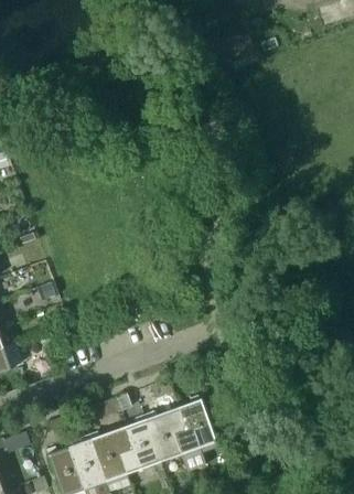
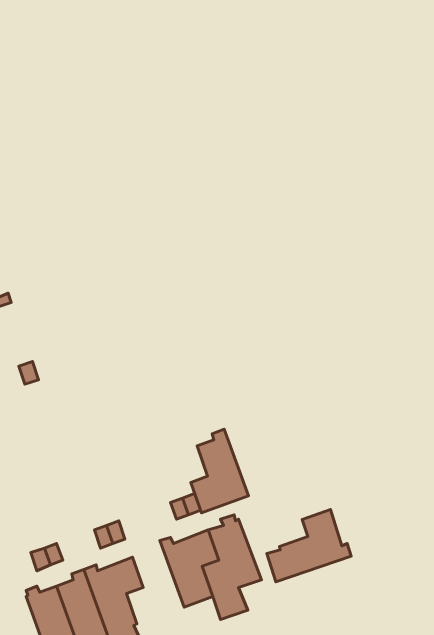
building: none -> [267,509,351,582]
building: [119,412,161,473] -> [191,429,249,513]

